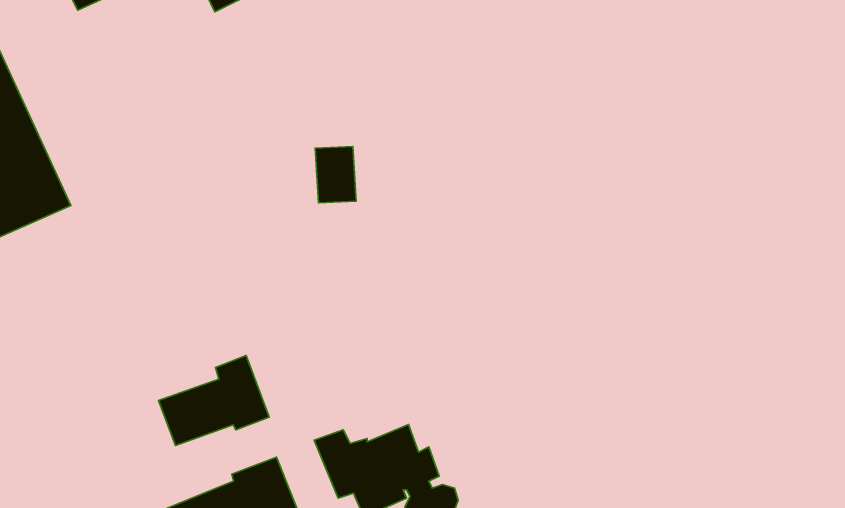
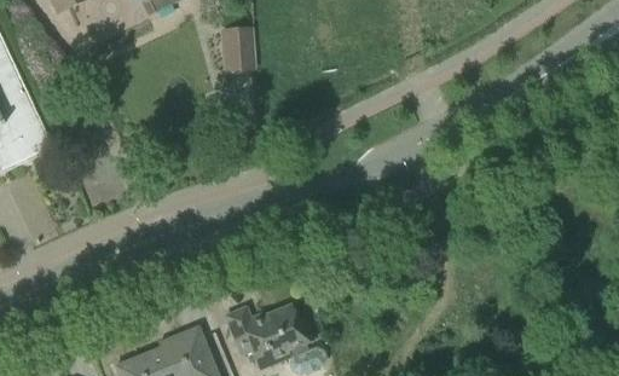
building: [315,146,356,203] -> [224,29,253,69]
building: [159,355,269,446] -> none

